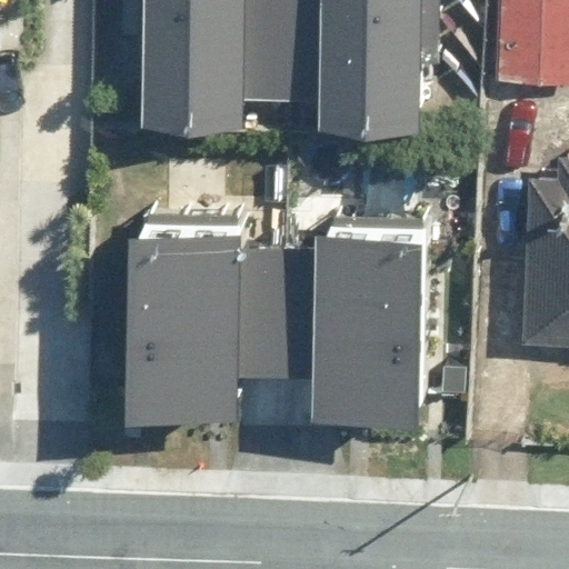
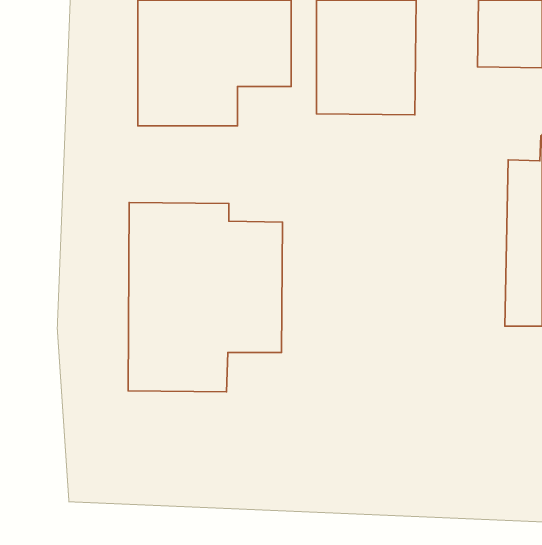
building: [319,227,441,417] -> none

